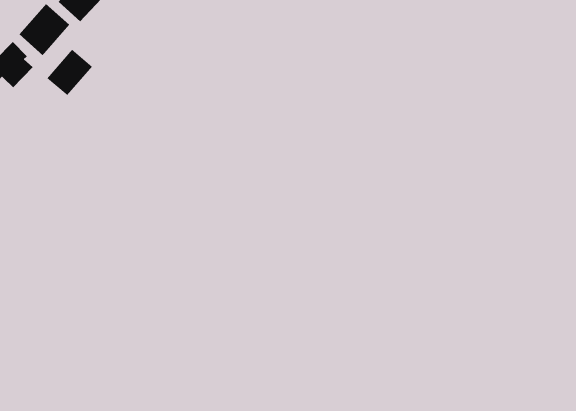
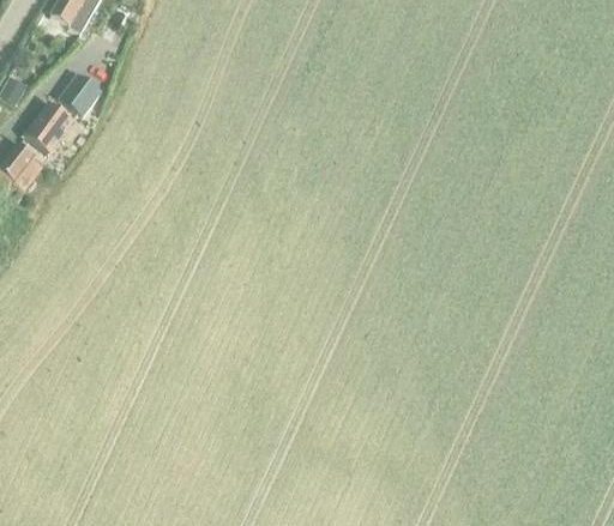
building: [47,49,93,96] -> none

